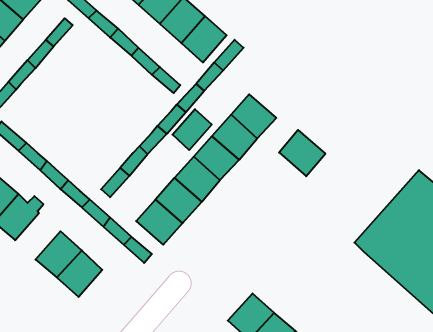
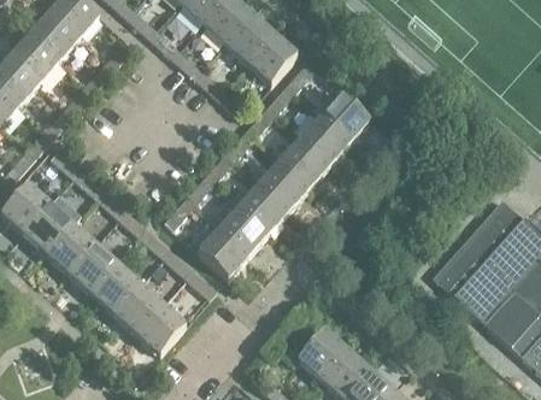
building: [172,109,212,150] -> none
building: [279,130,325,176] -> [319,93,369,142]
building: none -> [70,243,118,293]
building: none -> [137,304,187,353]

